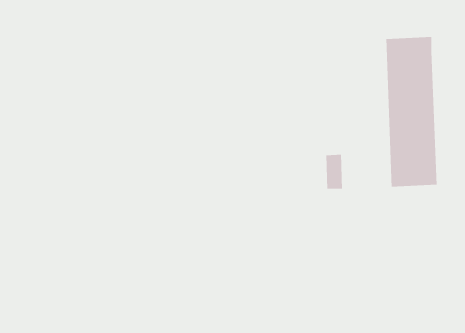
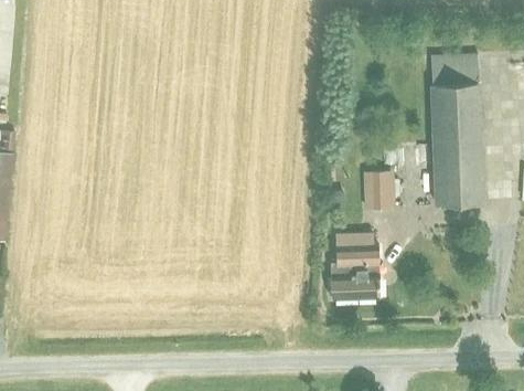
building: none -> [329,230,378,299]

